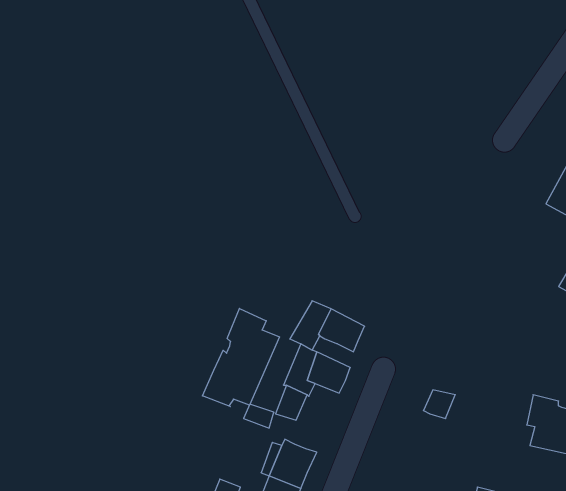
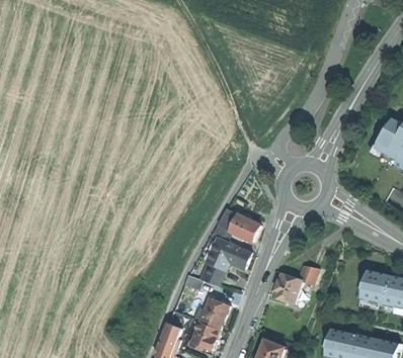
building: [202,308,280,407] -> none
building: none -> [271,273,300,303]

